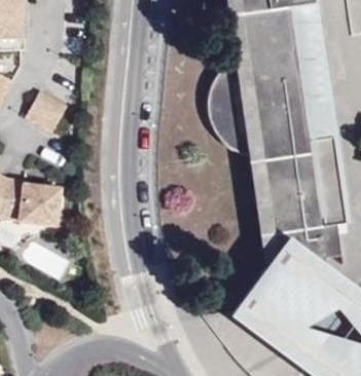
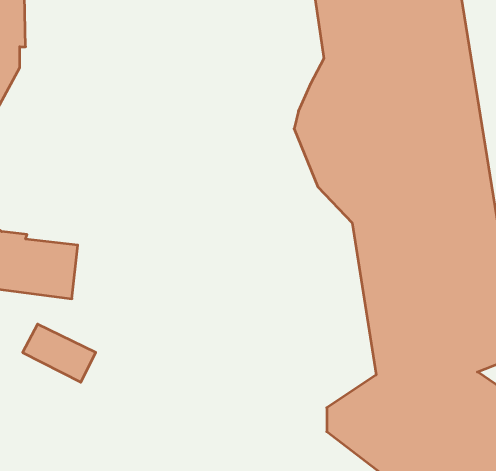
building: [27,91,69,134] -> none

